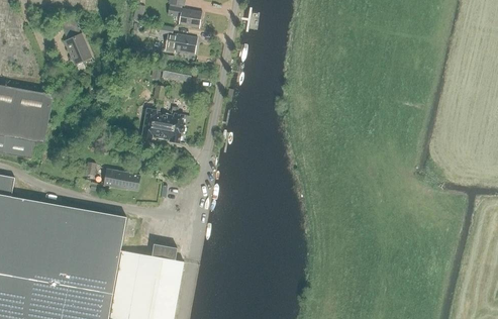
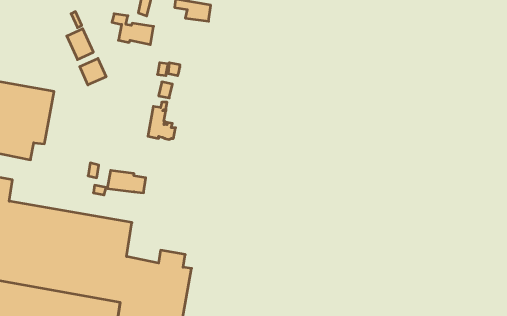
building: [158,24,197,54] -> [112,14,154,45]
building: none -> [80,58,106,85]
building: [157,106,184,141] -> none

